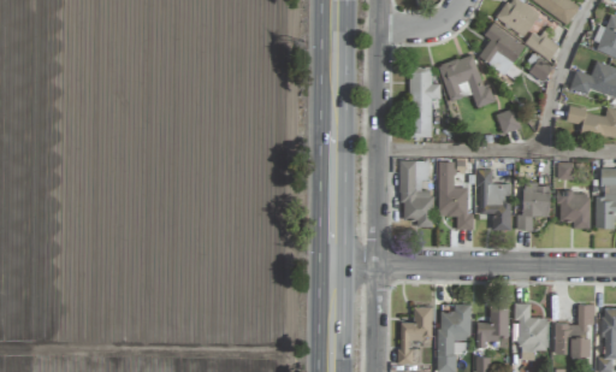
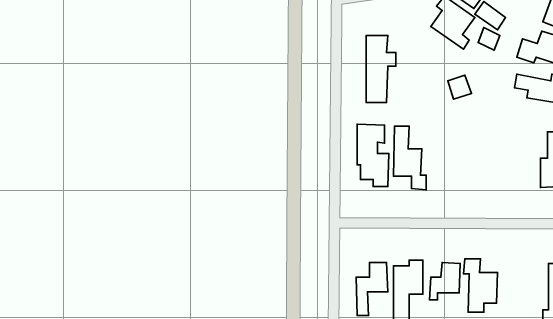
building: [439,54,496,107] -> none
building: [479,170,513,229] -> none
building: [516,184,551,231] -> none
building: [559,191,591,229] -> none
building: [556,305,594,355] -> none

